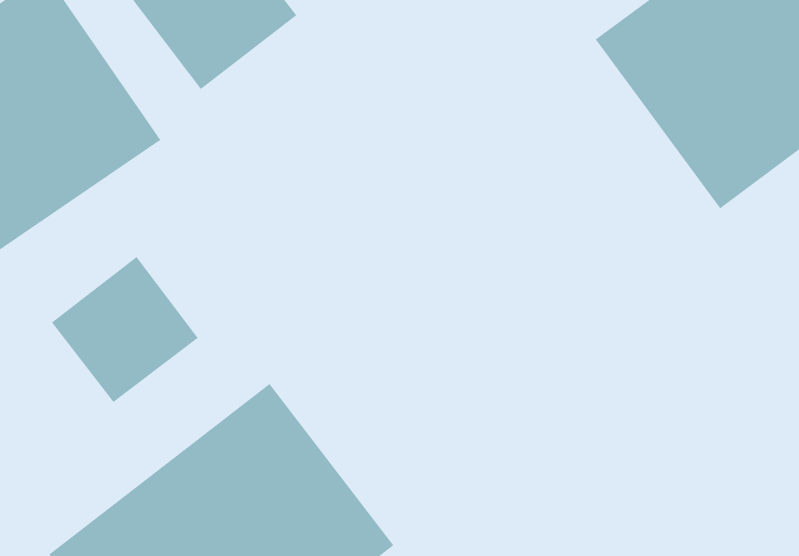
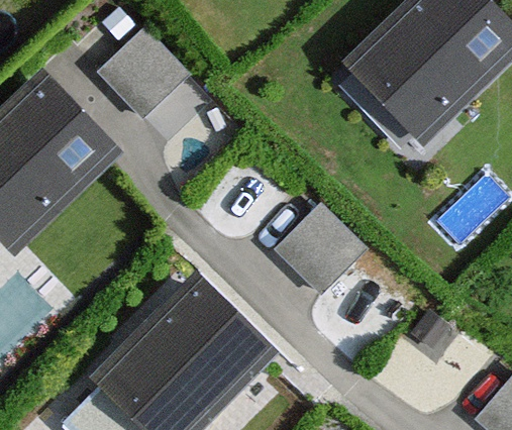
building: [51,256,199,403] -> none
building: none -> [273,206,364,297]

